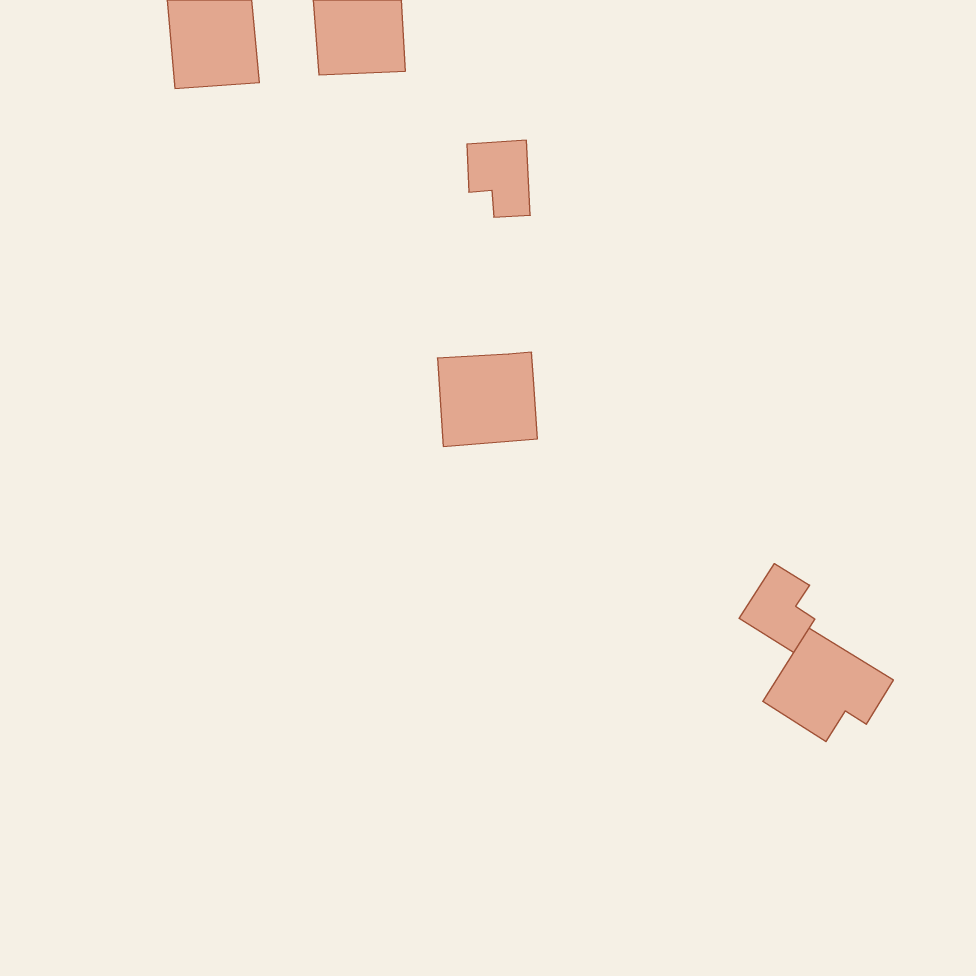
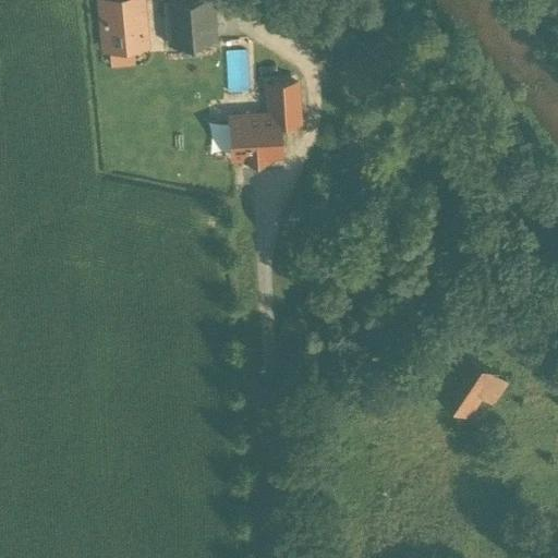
building: [437,352,537,446] -> [229,111,286,165]
building: [739,564,815,653] -> none

